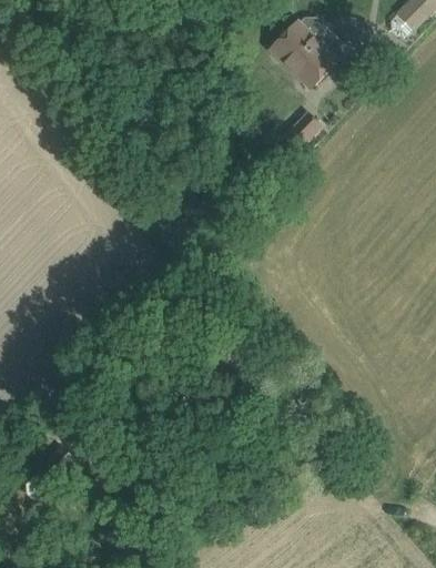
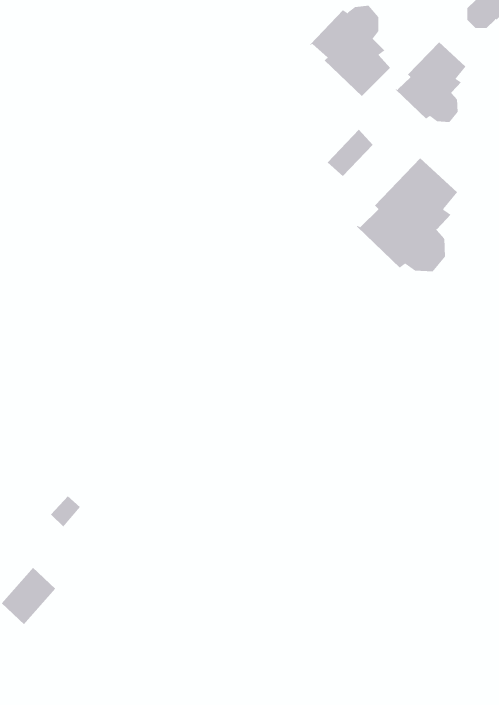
building: none -> [395,41,466,123]
building: none -> [356,157,458,272]

